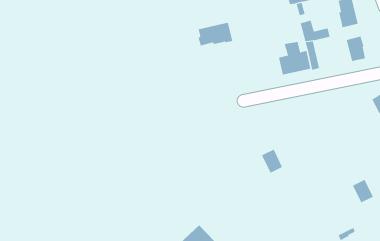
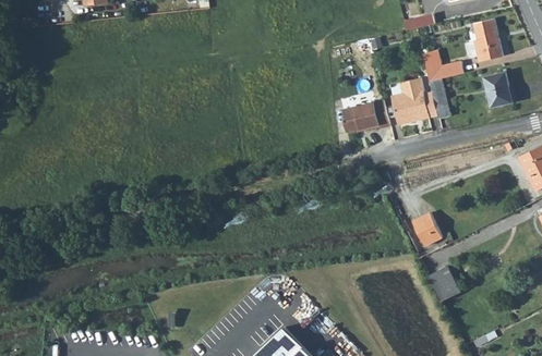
building: [198,22,233,46] -> [341,100,389,133]
building: [261,149,283,174] -> [411,213,441,247]
building: [352,179,374,203] -> [429,268,458,300]

